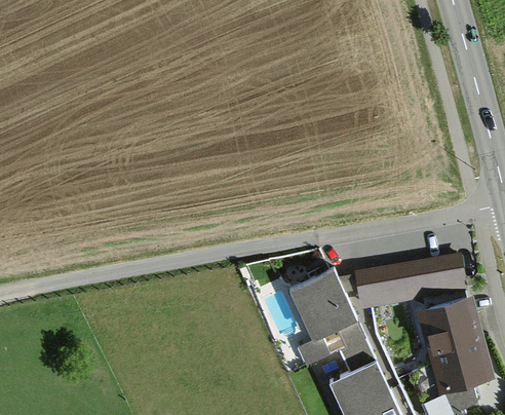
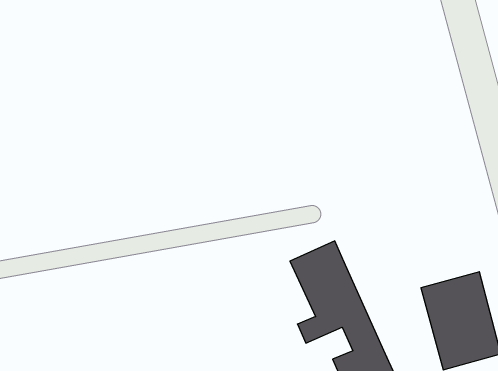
building: [354,252,467,311] -> none

